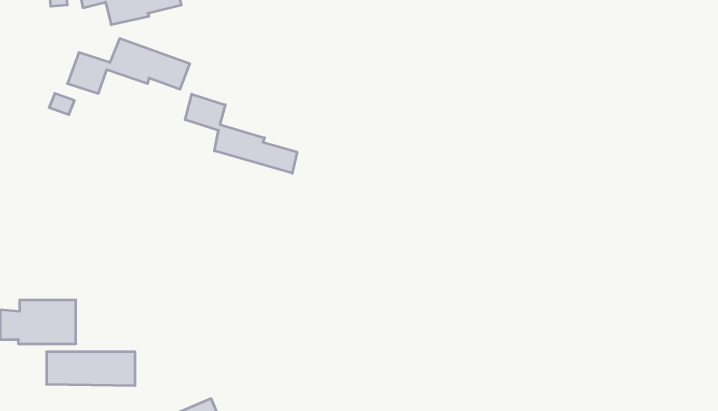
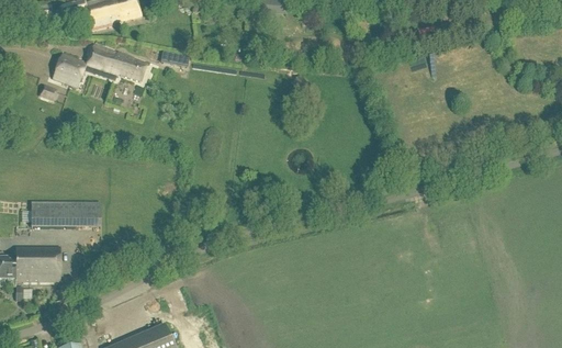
building: [185,94,297,173] -> none
building: [46,352,135,386] -> [32,202,101,228]

